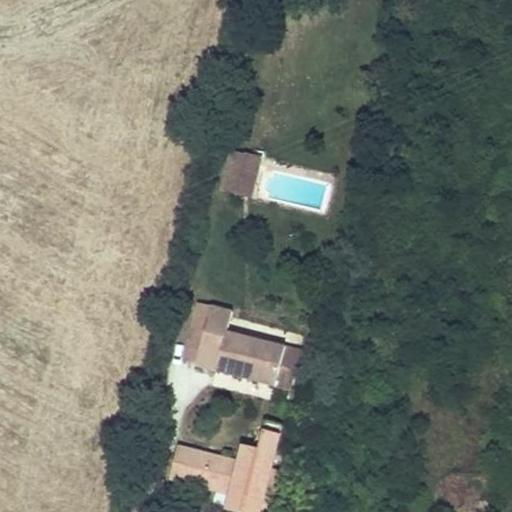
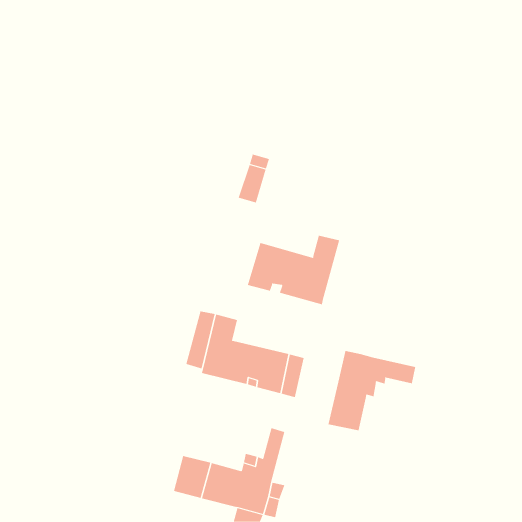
building: none -> [247,235,340,305]
building: none -> [328,350,416,431]

